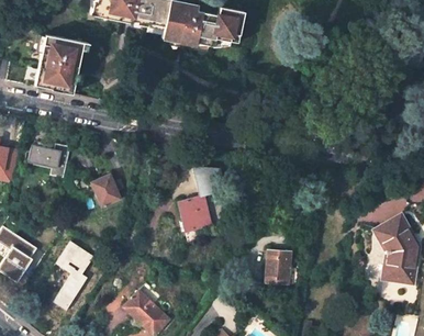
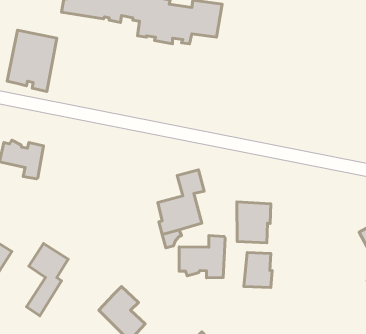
building: [90,173,120,206] -> none
building: none -> [237,202,271,243]
building: none -> [179,236,225,278]

